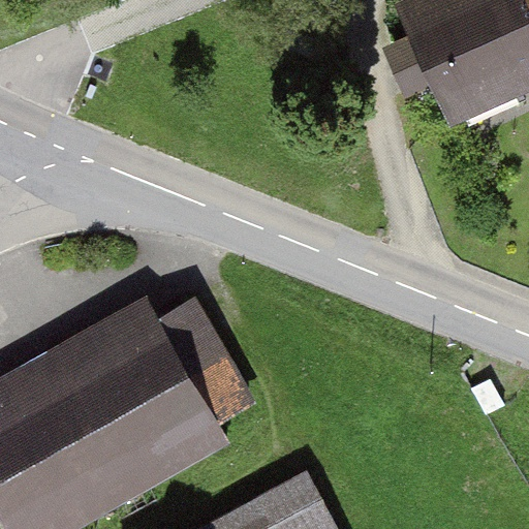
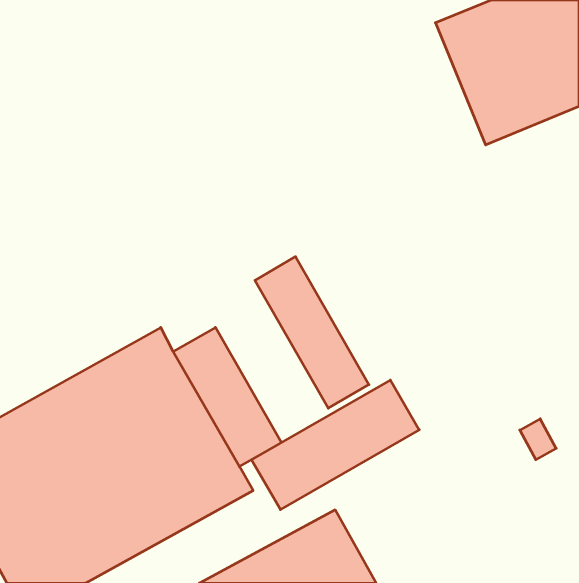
building: none -> [255,257,369,408]
building: none -> [252,380,419,510]

